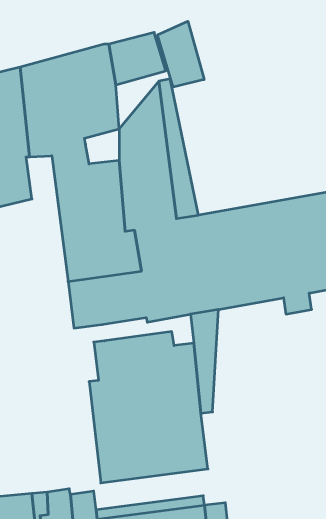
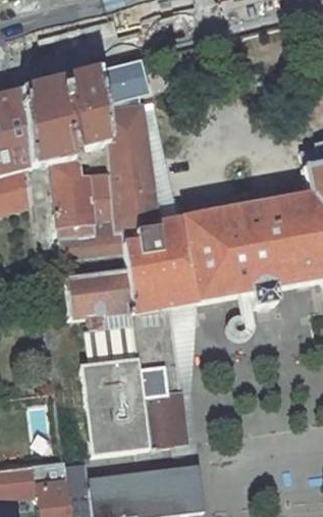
building: [158,21,204,87] -> none
building: none -> [94,306,174,333]

